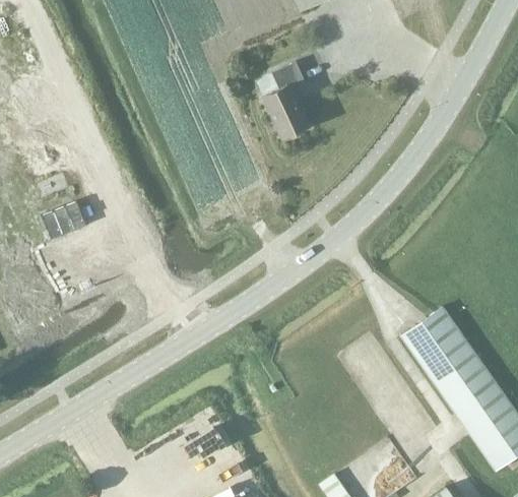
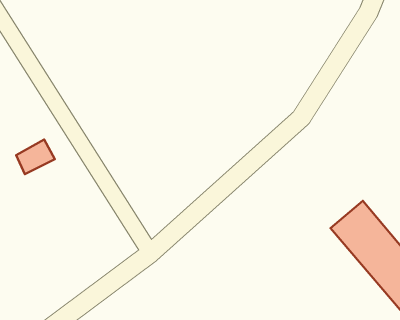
building: [265,62,311,140] -> none

